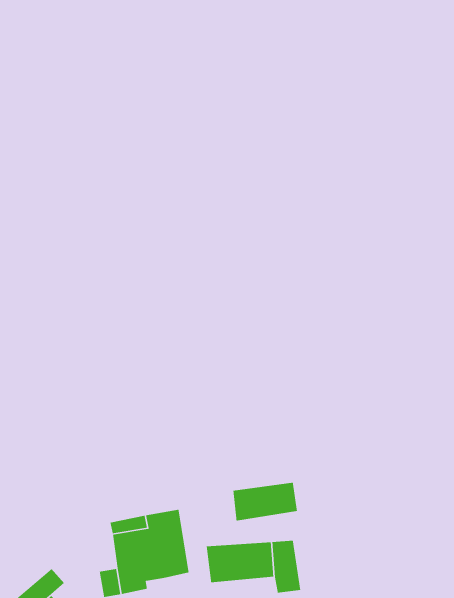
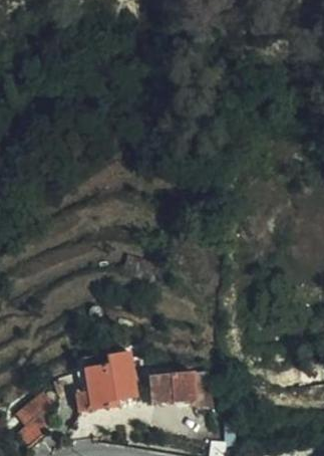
building: [232,482,298,522] -> none

